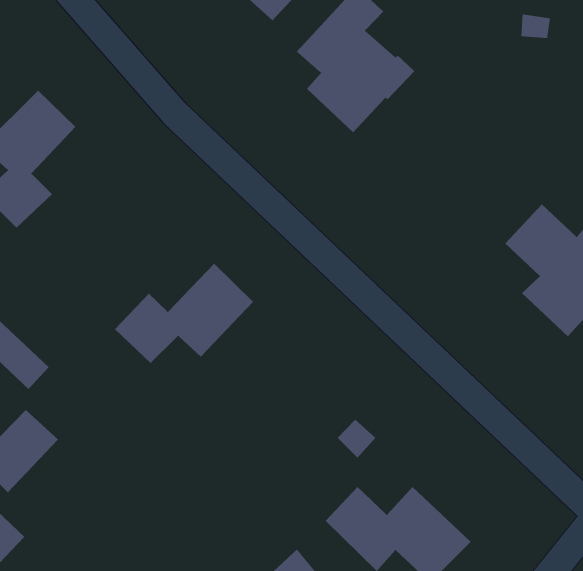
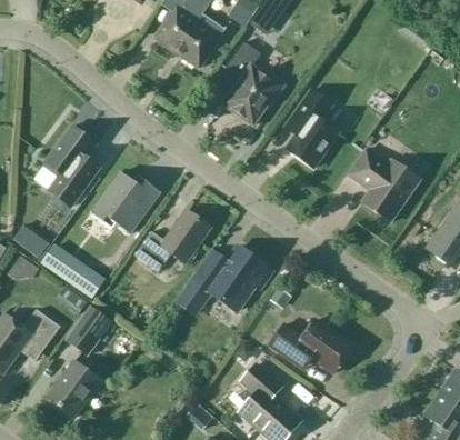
building: none -> [287,89,339,168]
building: none -> [90,171,161,233]
building: none -> [178,246,272,314]

